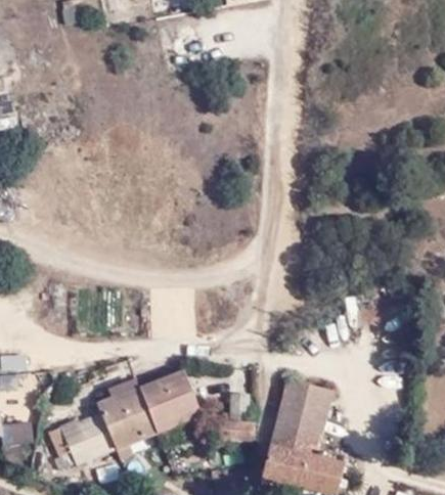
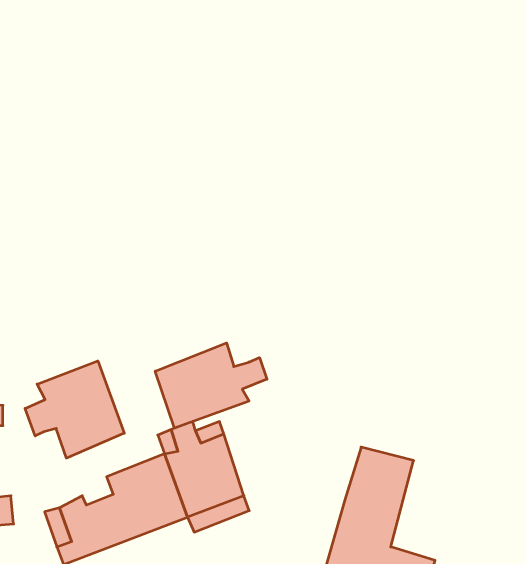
building: none -> [155,343,267,428]
building: none -> [25,361,124,458]

